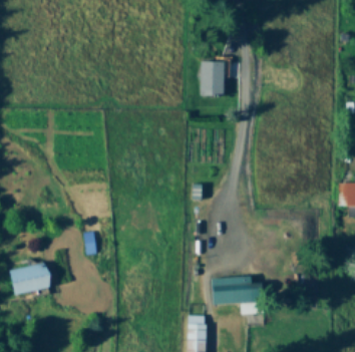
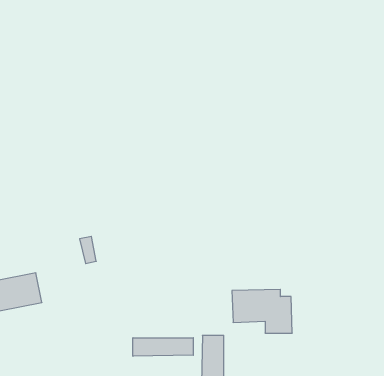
building: [201,61,224,96] -> none
building: none -> [133,338,193,356]

